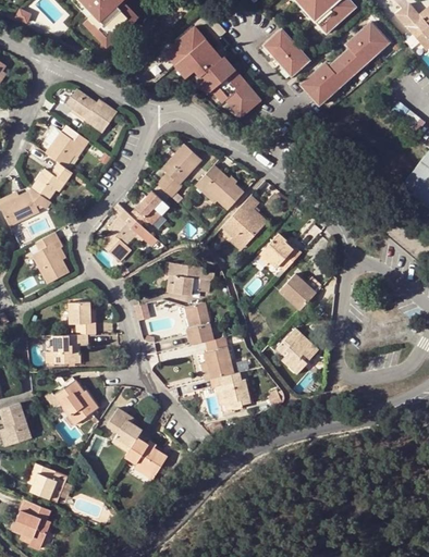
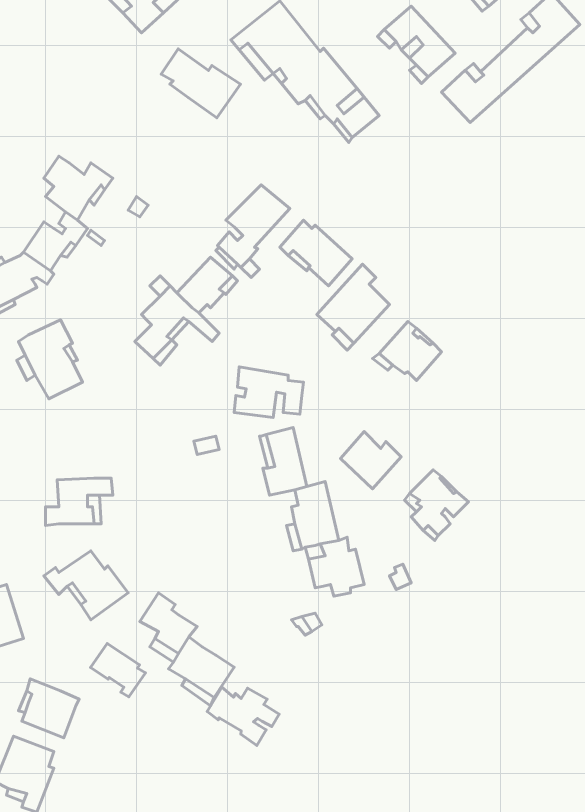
building: [65,88,117,133] -> [161,49,241,118]
building: [279,273,318,310] -> [340,432,401,489]
building: [69,301,96,334] -> none
building: none -> [90,643,145,697]
building: none -> [207,687,279,746]

